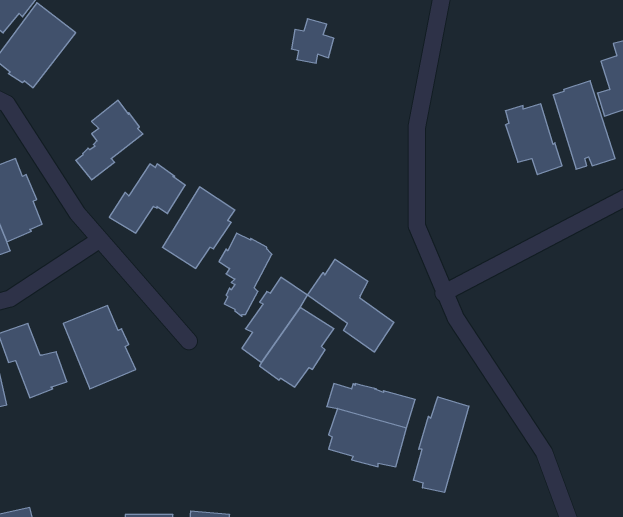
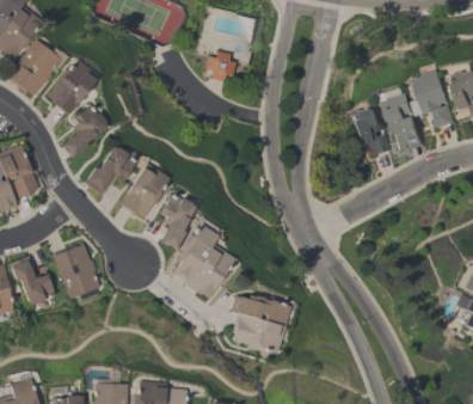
building: none -> [48,59,99,114]
building: [307,259,394,352] -> none
building: [413,397,469,492] -> none

